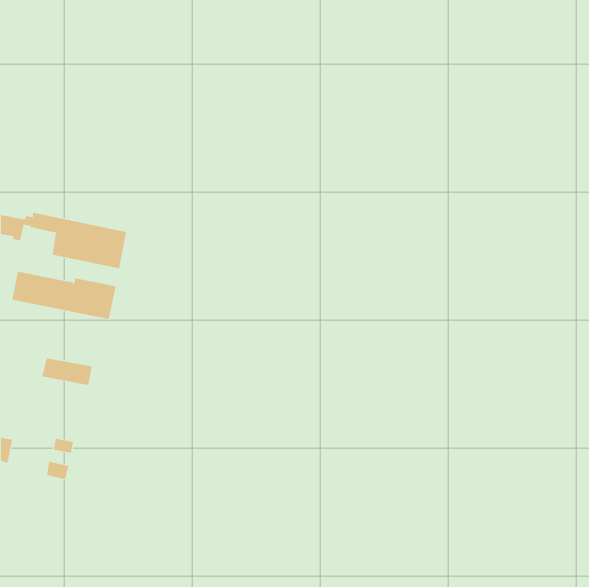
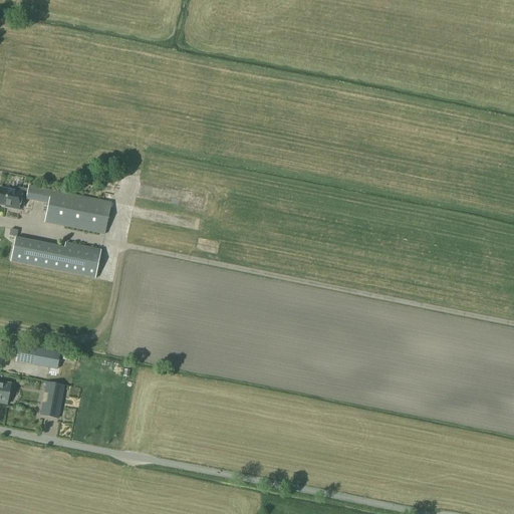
building: [42,358,92,386] -> [15,344,59,368]

